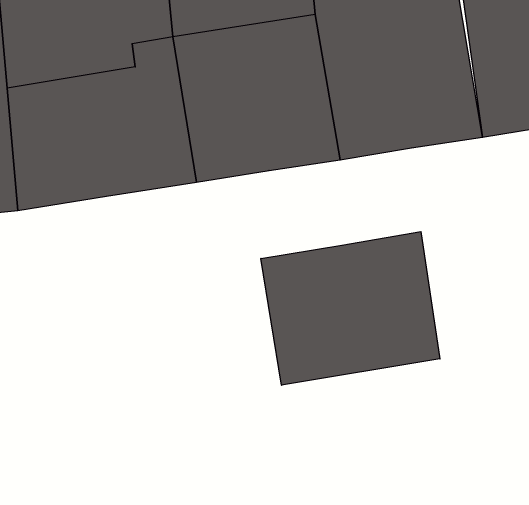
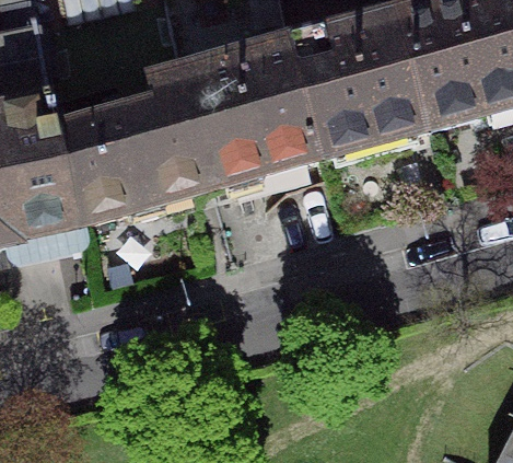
building: [261,232,440,385] -> none

